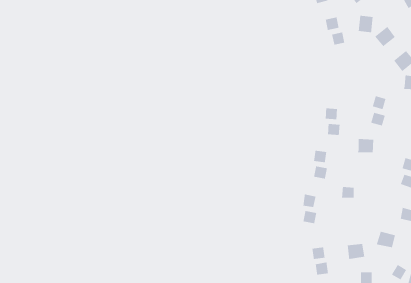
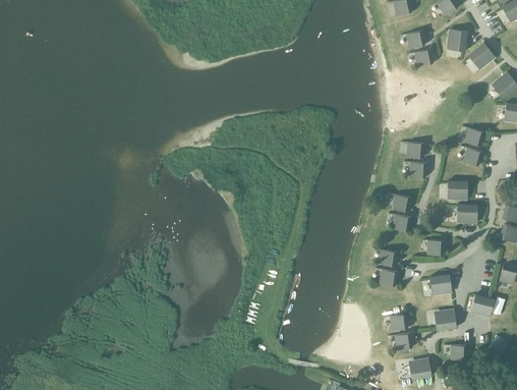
building: none -> [456,204,476,222]
building: none -> [428,274,451,294]

